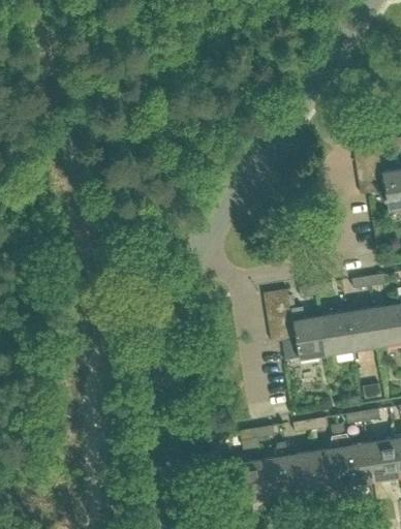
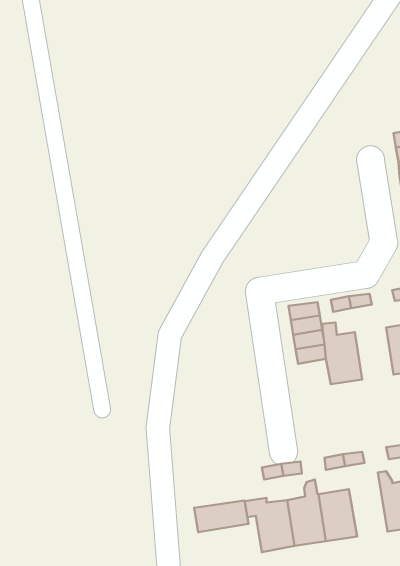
building: [325,311,358,355] -> none
building: [319,435,352,490] -> none
building: none -> [194,500,248,532]

